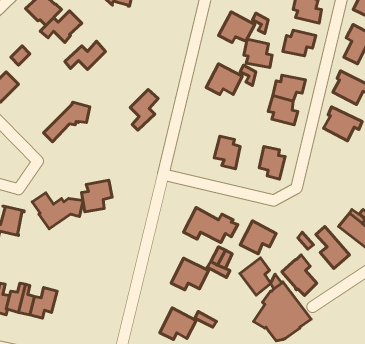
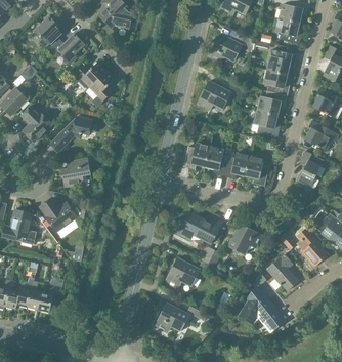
building: [244,39,272,68] -> [264,70,290,95]
building: [130,89,158,130] -> [90,70,116,107]
building: none -> [22,106,52,142]
building: none -> [183,144,210,169]
building: none -> [298,151,324,187]
building: none -> [224,153,250,178]
building: [82,180,112,212] -> [62,158,90,187]
building: [240,258,271,295] -> none

